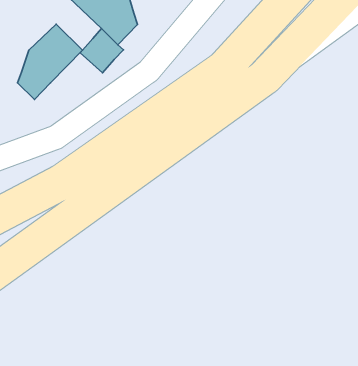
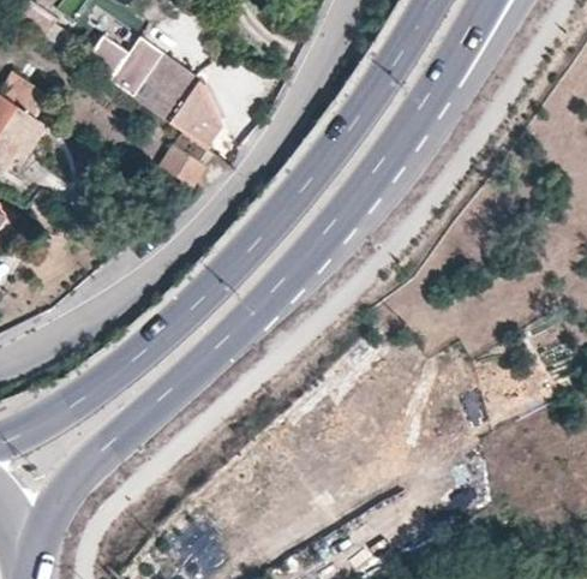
building: [17,24,82,100] -> none

